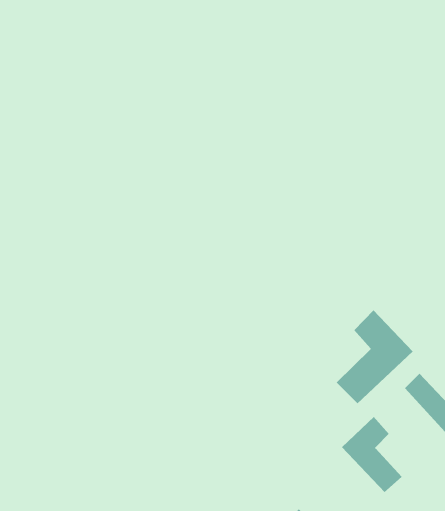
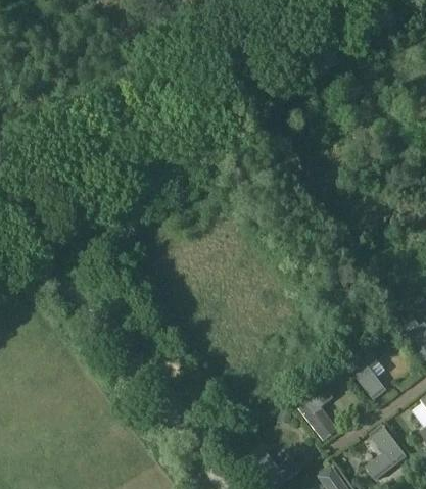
building: [336,309,414,404] -> none

